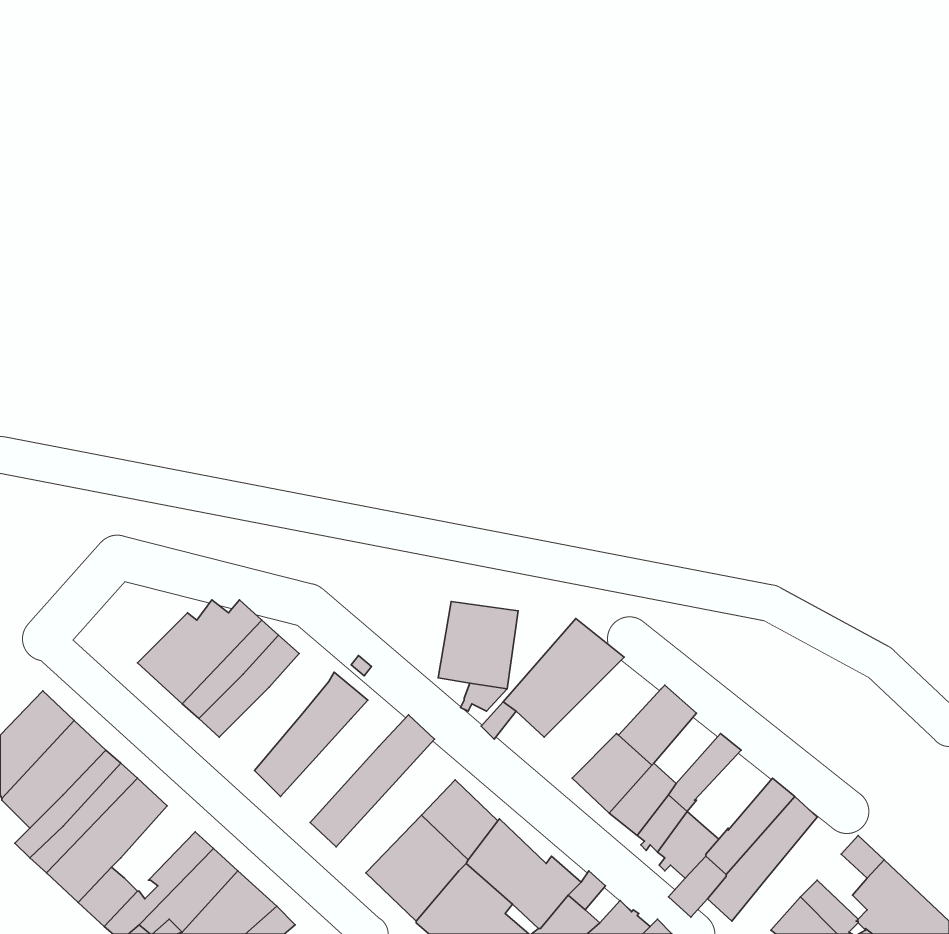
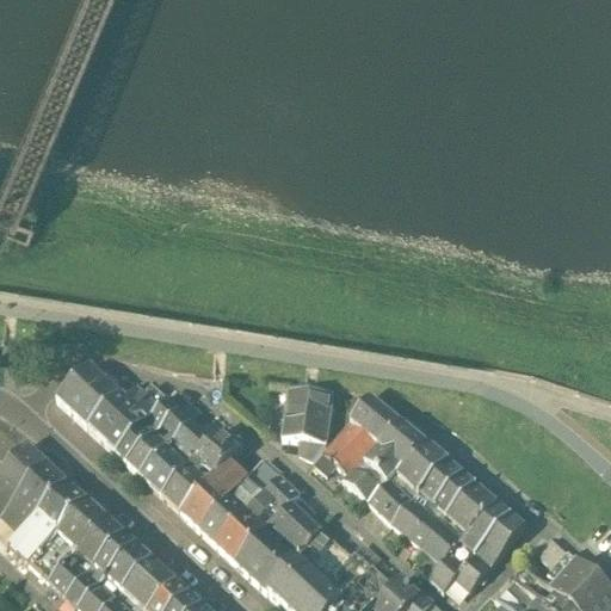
building: none -> [57,364,121,426]
building: none -> [141,420,211,495]
building: none -> [344,422,425,500]
building: none -> [420,458,463,504]
building: none -> [180,462,243,529]
building: none -> [216,475,300,561]
building: none -> [446,482,496,539]
building: none -> [78,518,125,573]

